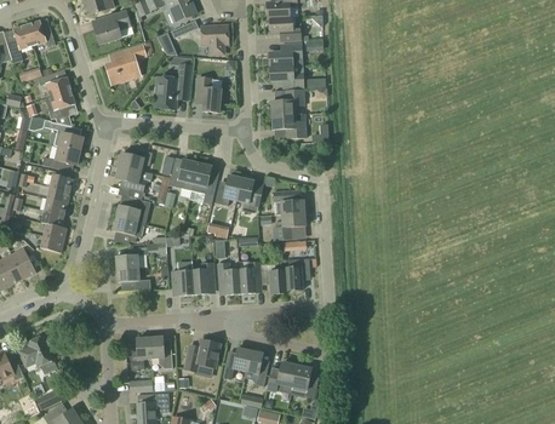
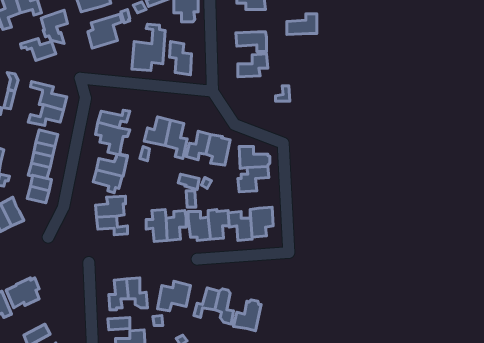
building: [269,44,302,67] -> [287,14,317,35]
building: [46,90,75,126] -> [41,10,68,43]
building: [271,113,305,138] -> none
building: [291,362,317,399] -> none

